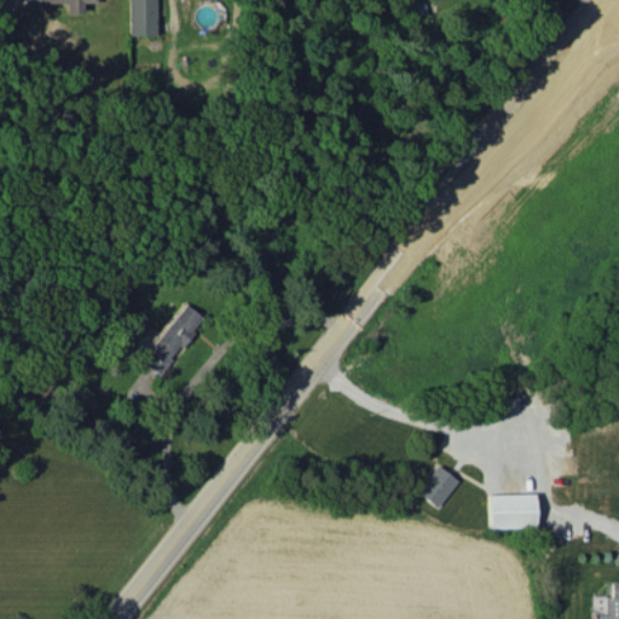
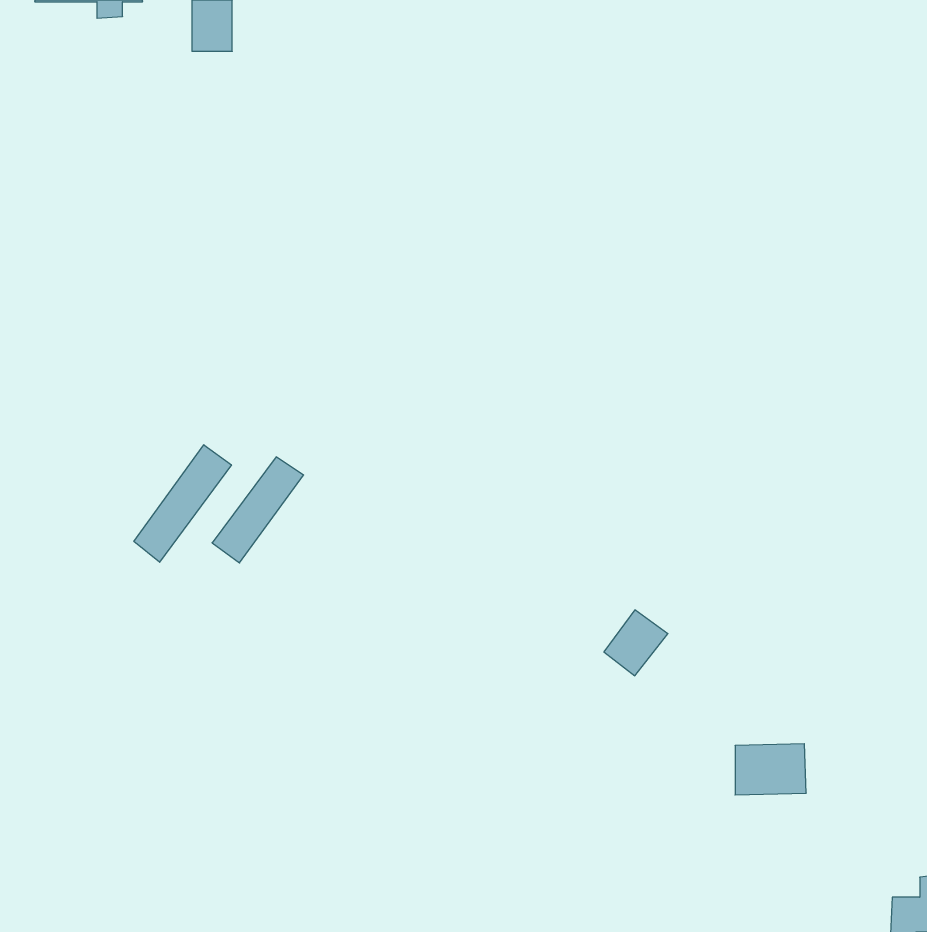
building: none -> [134,445,231,562]
building: [418,464,461,508] -> [604,610,668,676]

